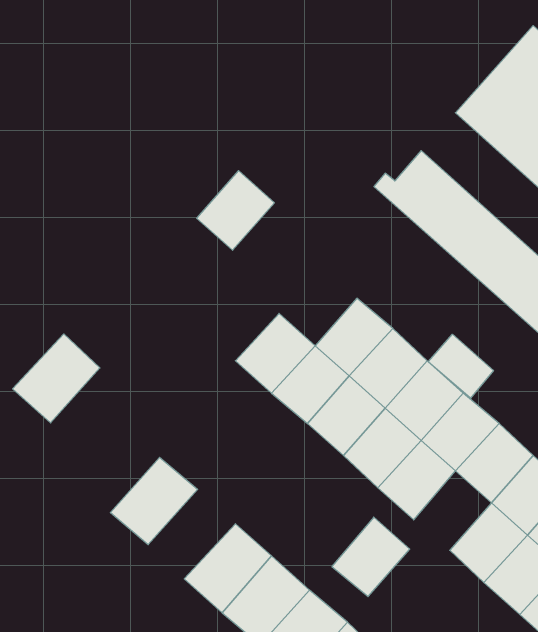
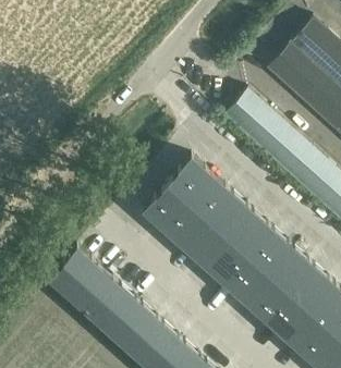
building: [197,171,274,250] -> [167,156,211,201]
building: [13,334,100,423] -> [48,246,98,297]
building: [428,334,493,398] -> none
building: none -> [92,284,142,335]
building: [332,517,410,597] -> [244,273,289,319]

